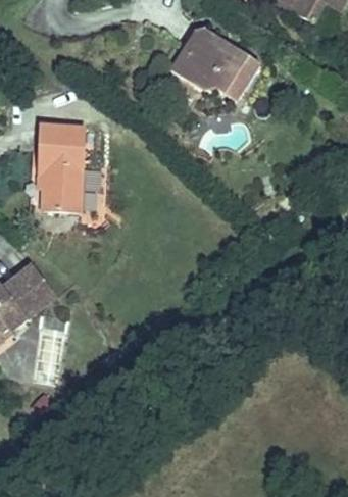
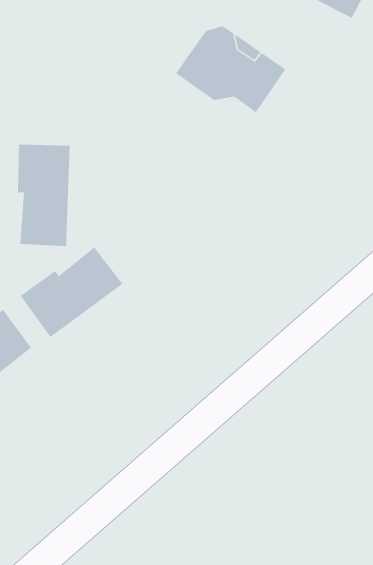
building: none -> [20,247,123,338]

